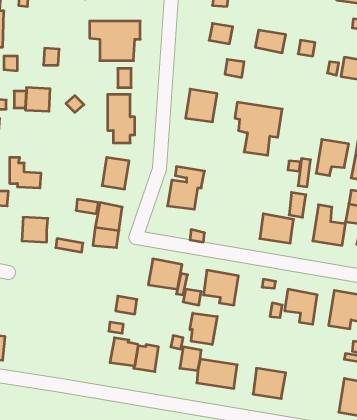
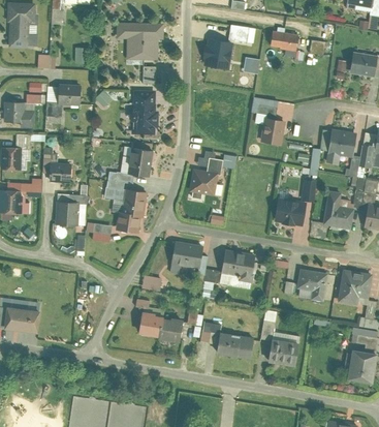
building: [186,89,217,122] -> [203,39,232,69]
building: [190,313,217,345] -> none

